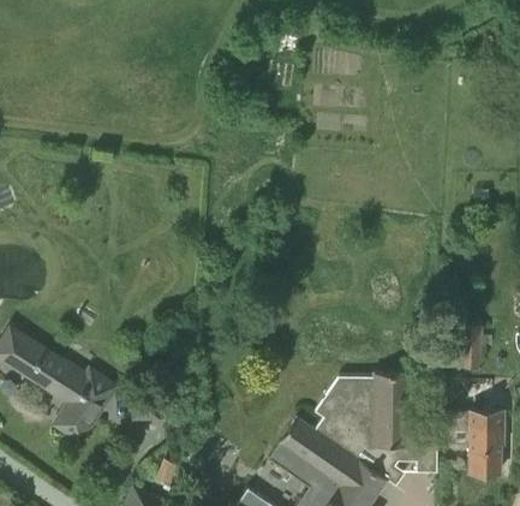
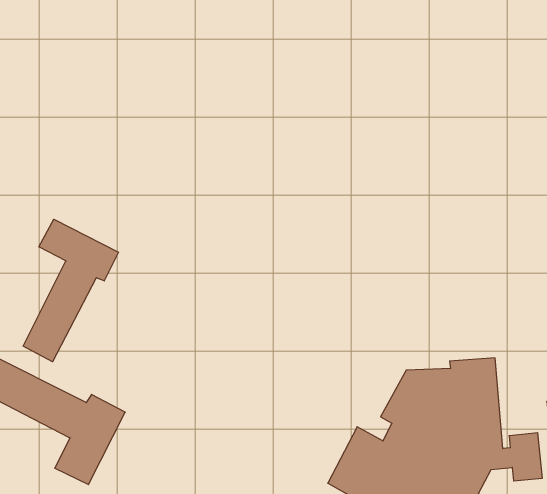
building: none -> [23,219,118,362]

